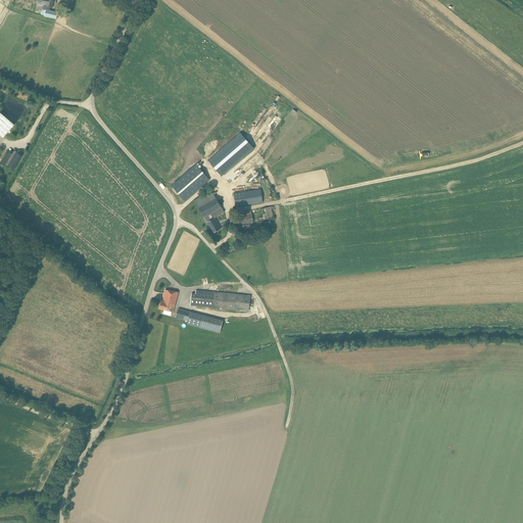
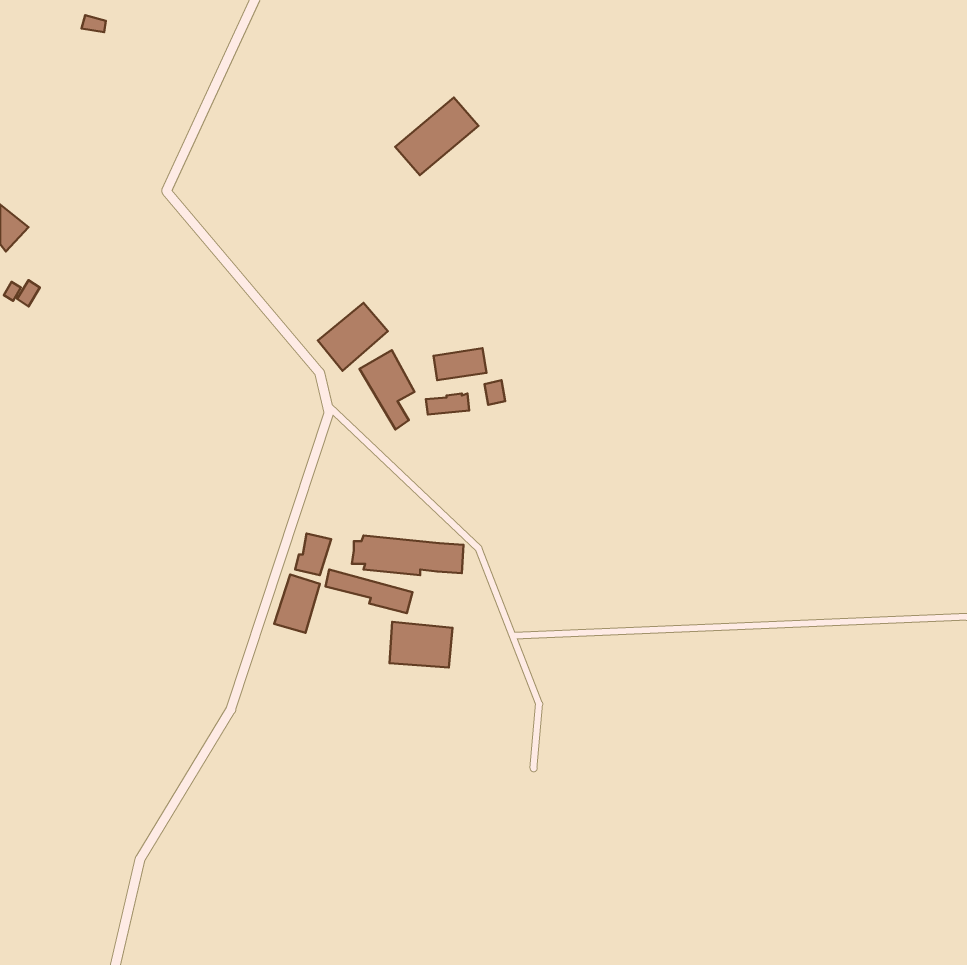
building: [206,134,251,176] -> [395,98,478,175]
building: none -> [274,575,320,633]
building: none -> [389,622,452,668]

